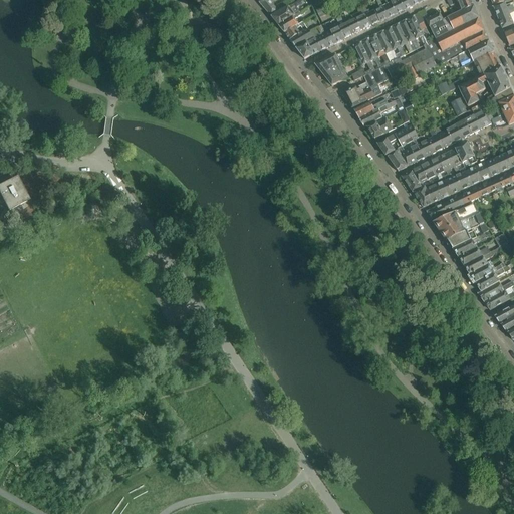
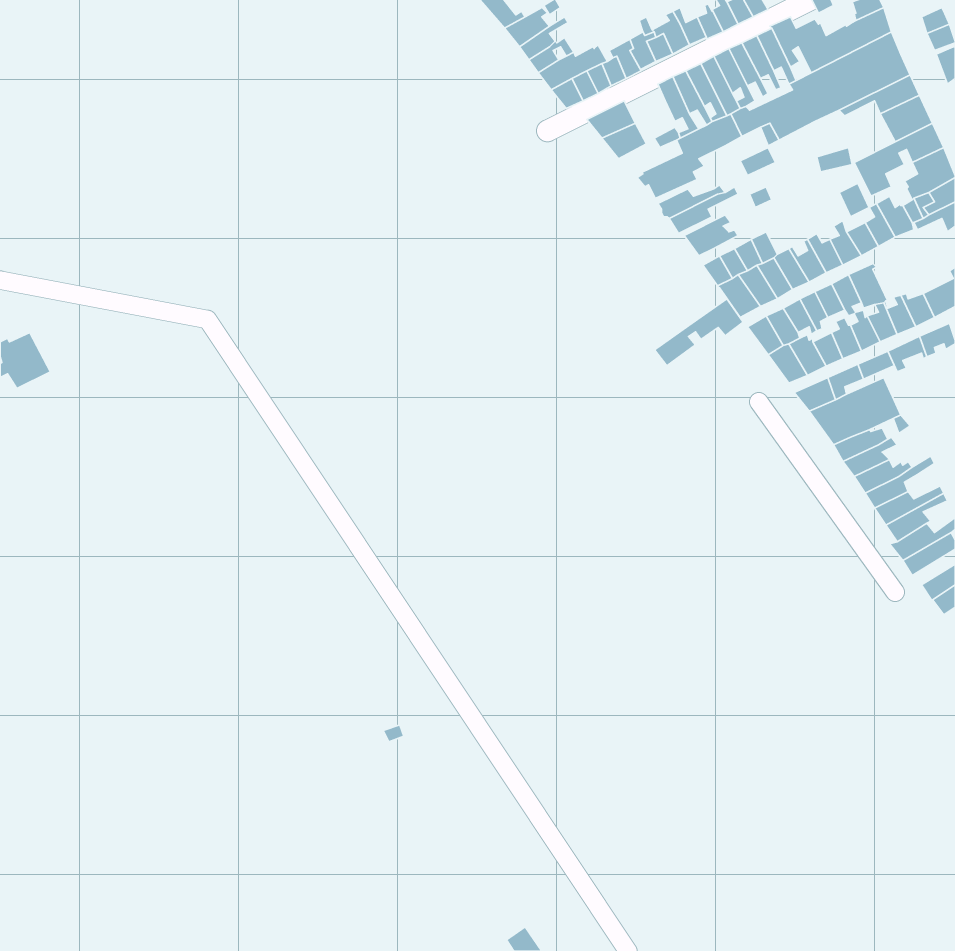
building: none -> [654,299,743,366]

